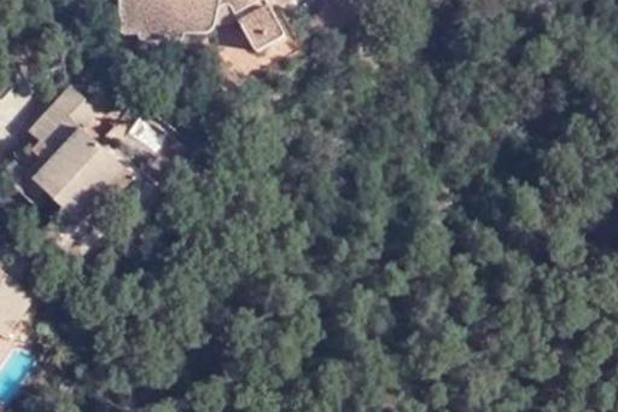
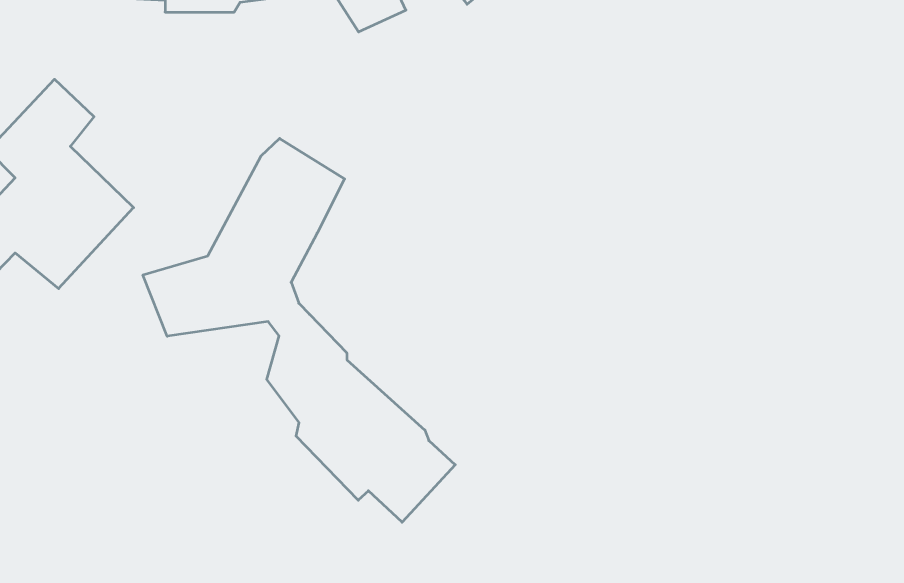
building: none -> [143,138,455,522]

